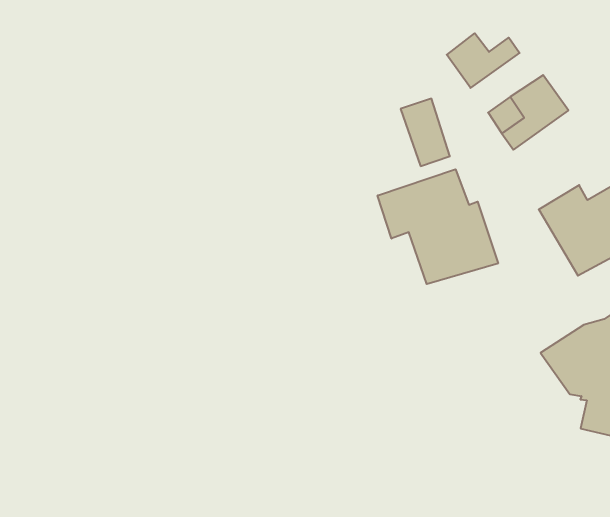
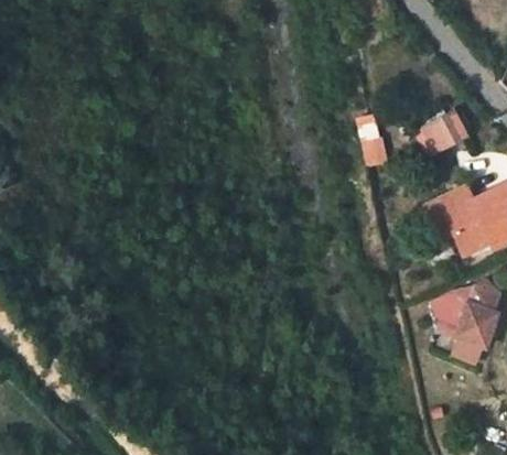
building: [447,33,520,88] -> none
building: [378,169,498,284] -> none

